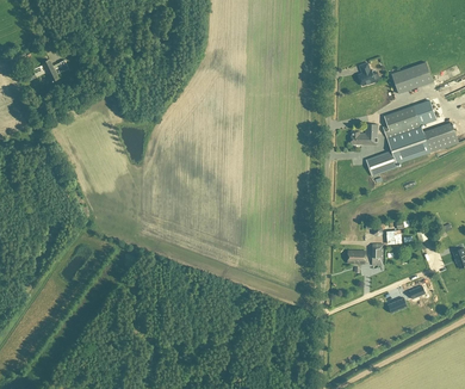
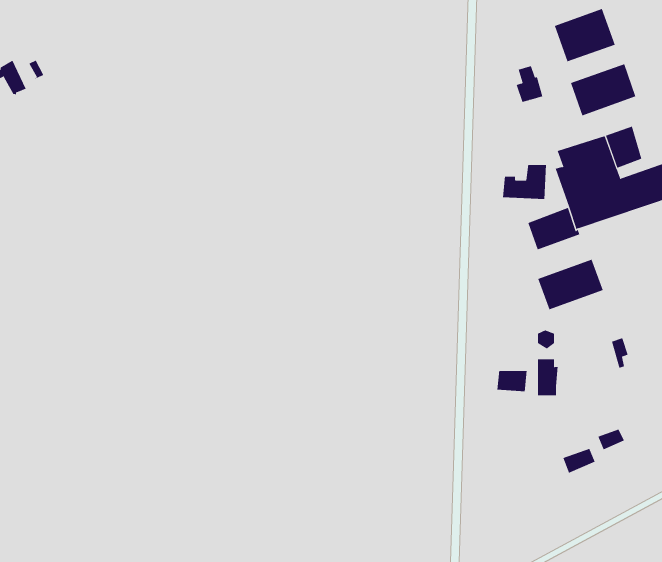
building: none -> [554,8,615,62]
building: none -> [538,259,604,310]

